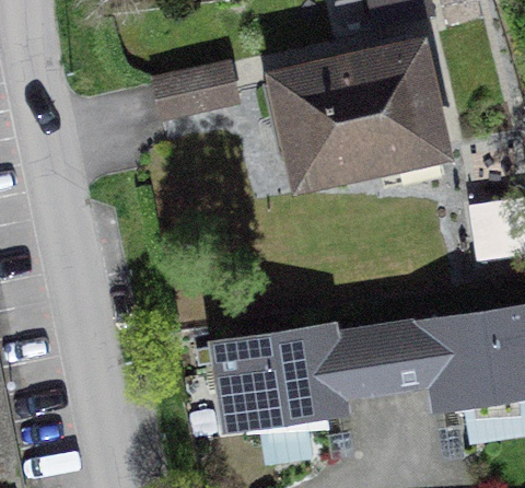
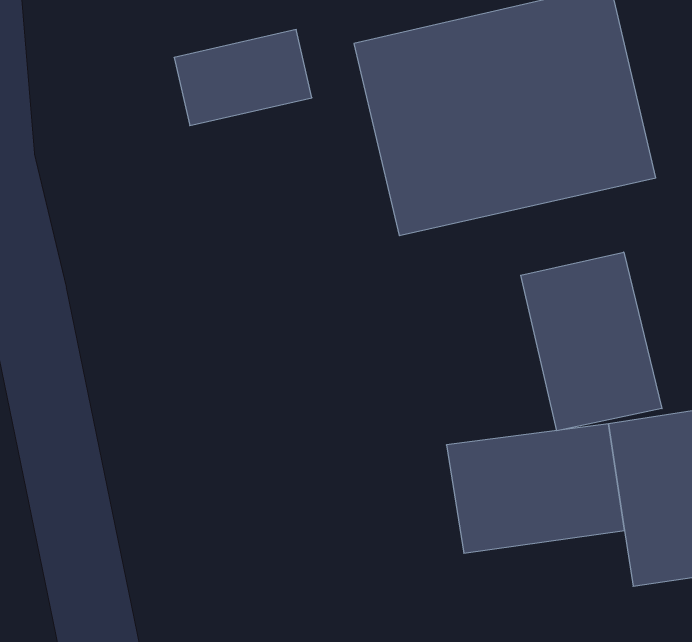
building: none -> [521,252,662,431]
building: [202,326,339,444] -> none

